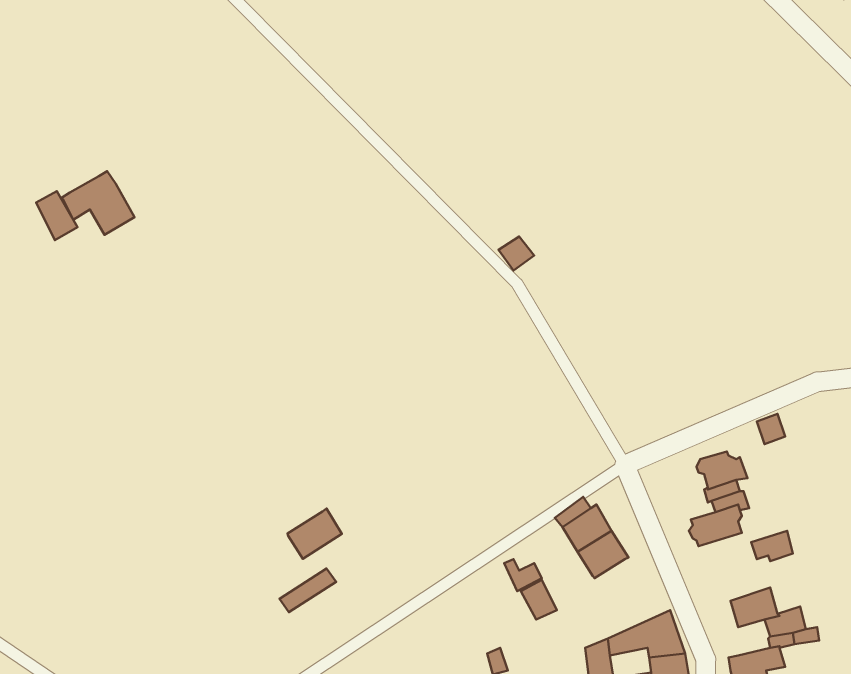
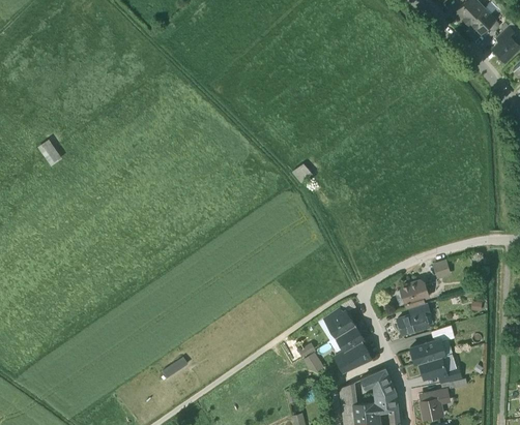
building: [62,171,135,235] -> none
building: [287,508,342,559] -> none
building: none -> [410,339,445,365]
building: none -> [335,341,372,372]

